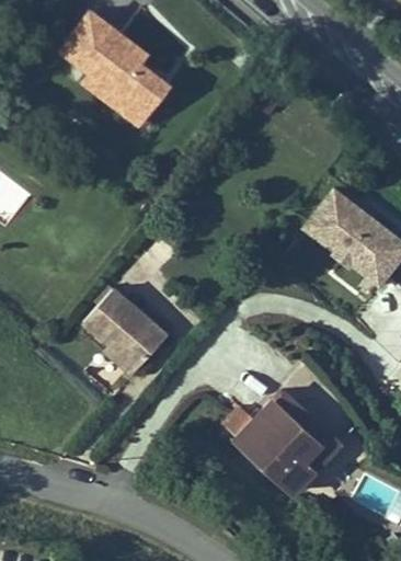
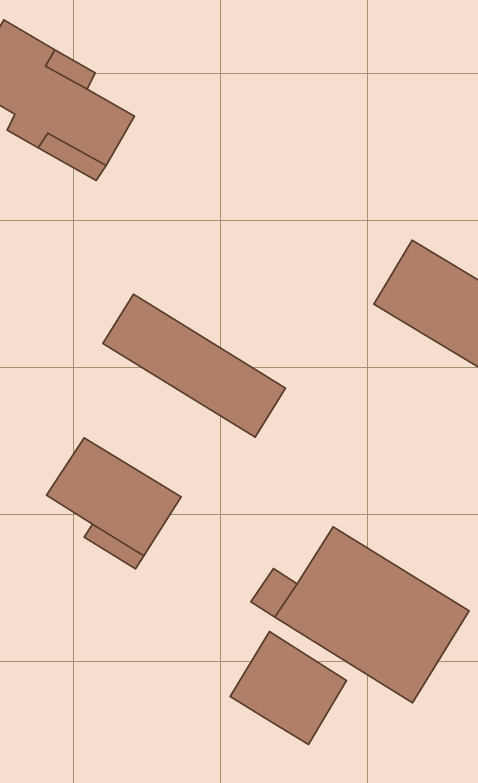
building: none -> [103,294,286,437]
building: none -> [230,632,347,744]

